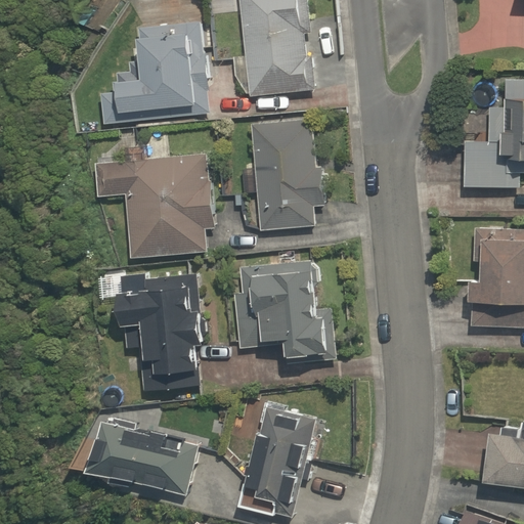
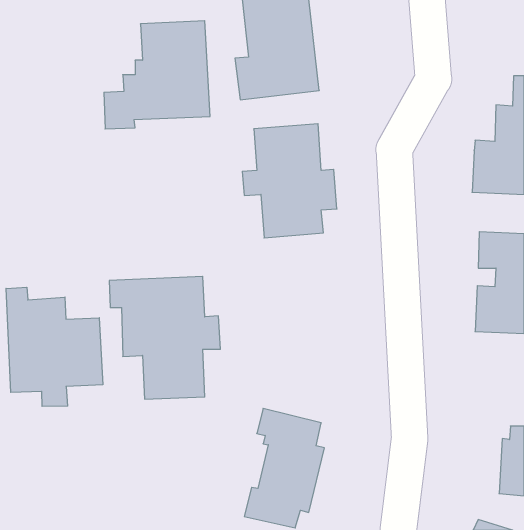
building: [94,150,221,259] -> none
building: [221,259,343,361] -> none
building: none -> [6,287,103,406]
building: [75,411,200,493] -> none

